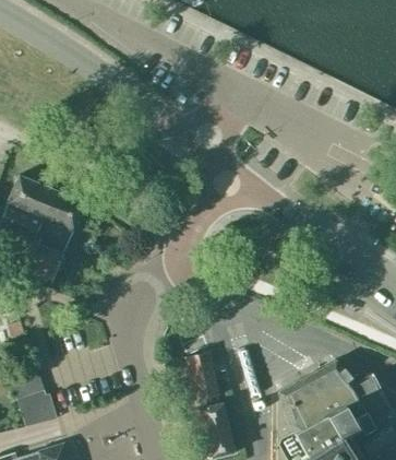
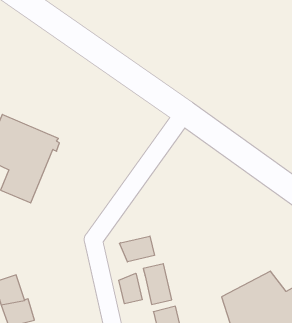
building: none -> [120,236,154,262]
building: none -> [119,273,142,304]

